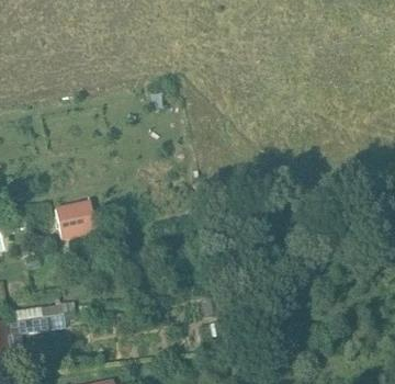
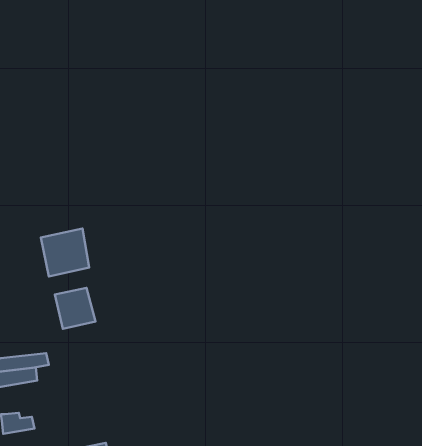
building: none -> [55,288,95,329]

